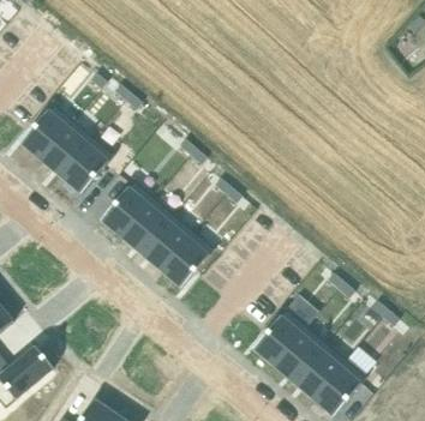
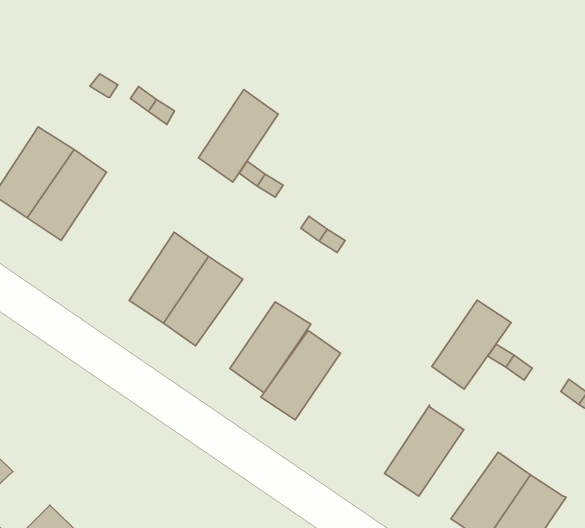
building: [61,138,115,197] -> [199,90,278,182]
building: [140,216,194,272] -> [261,331,340,420]
building: [274,327,328,384] -> [432,300,511,389]

